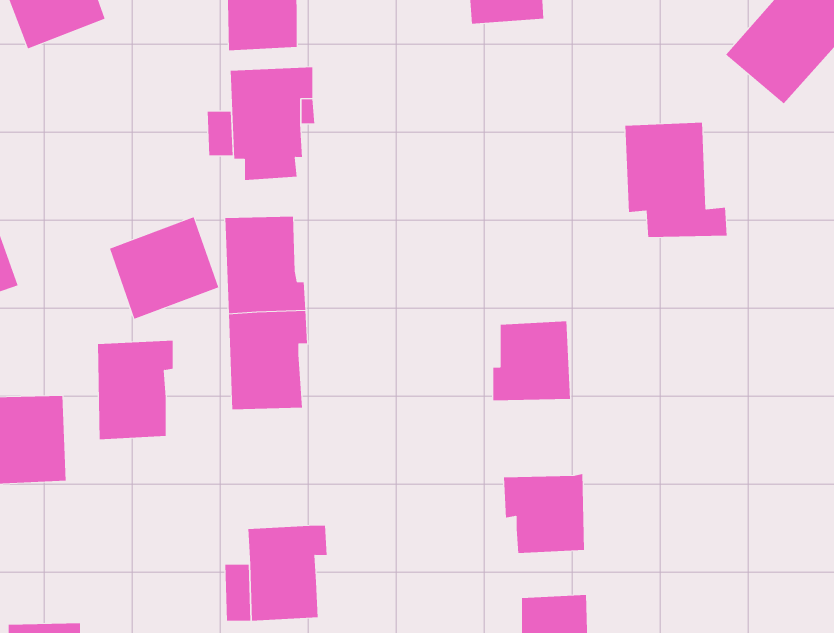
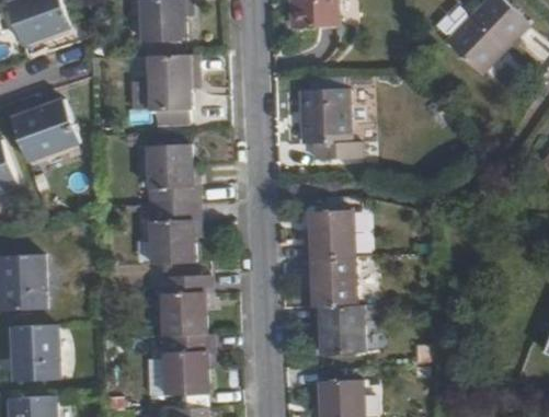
building: [625,122,728,237] -> [299,86,363,158]
building: [109,217,219,320] -> [10,102,78,165]
building: [97,340,173,440] -> [156,277,203,338]
building: none -> [308,258,358,306]
building: none -> [12,325,57,381]

